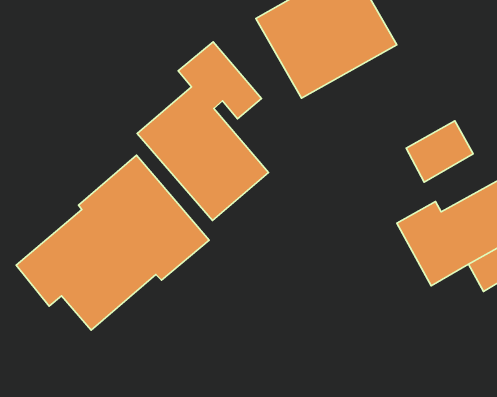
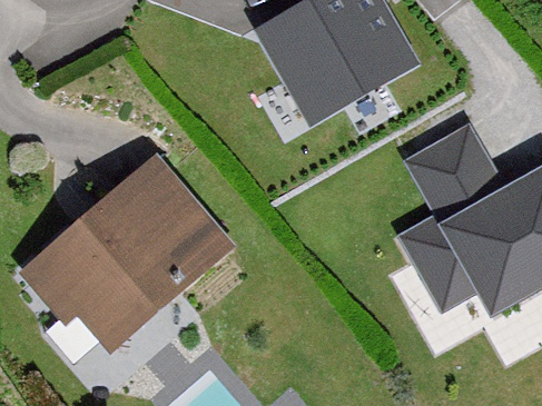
building: [137,42,268,220] -> none

